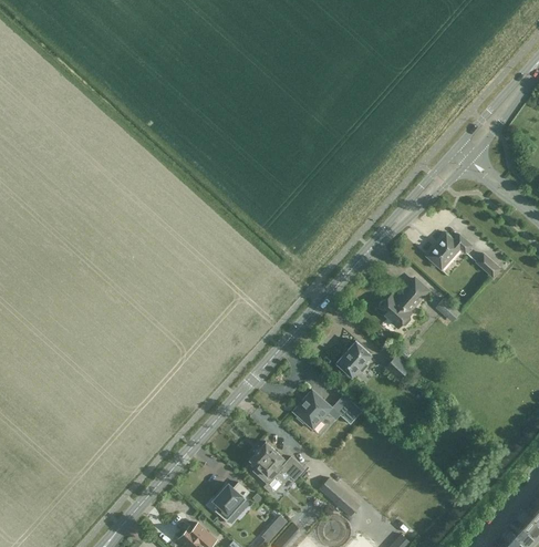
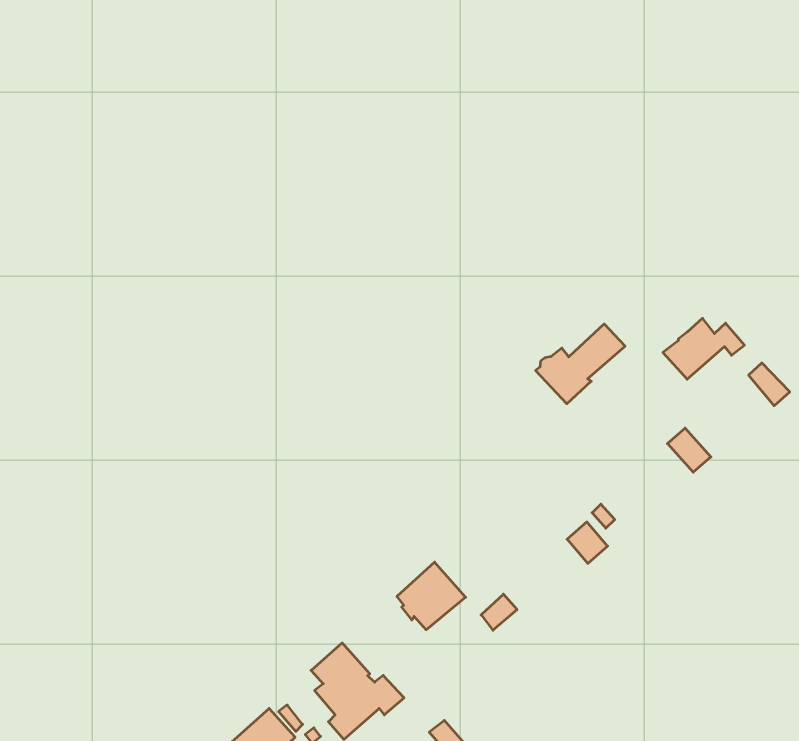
building: [379,278,427,326] -> [536,324,625,404]
building: [336,340,371,375] -> none

